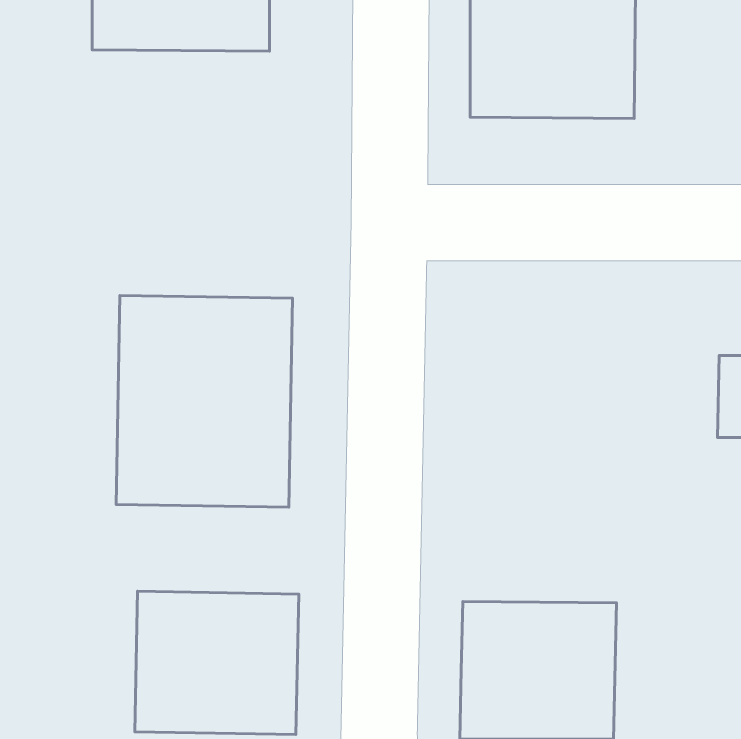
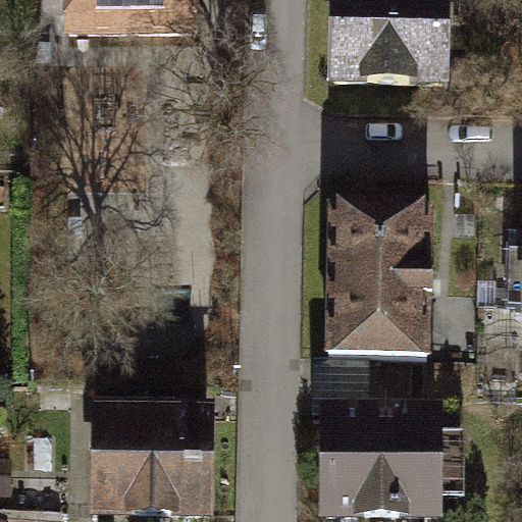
building: [116,296,292,507] -> none
building: none -> [326,206,426,355]

